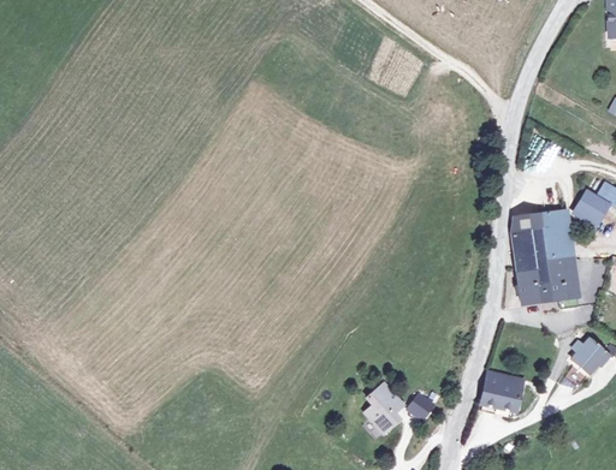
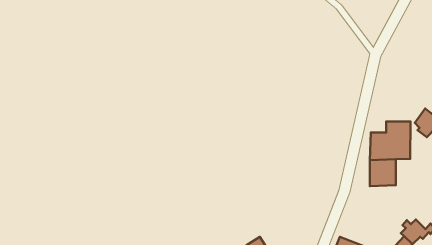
building: [553,258,576,305] -> none

